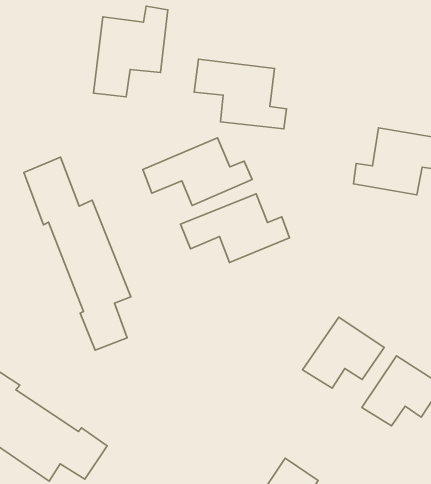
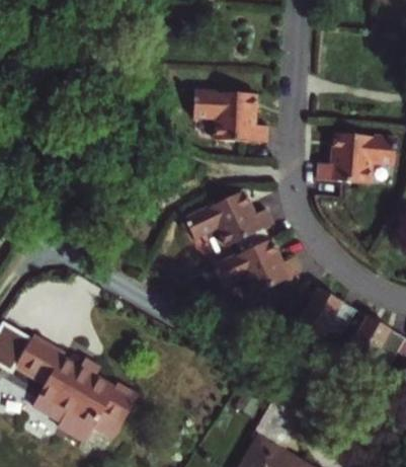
building: [93,6,168,97] -> none
building: [143,138,252,206] -> [211,238,298,293]
building: [24,157,131,350] -> none

